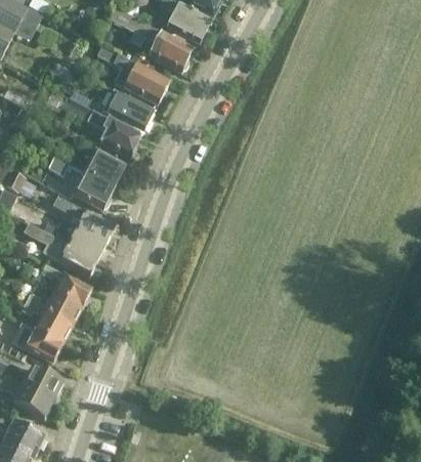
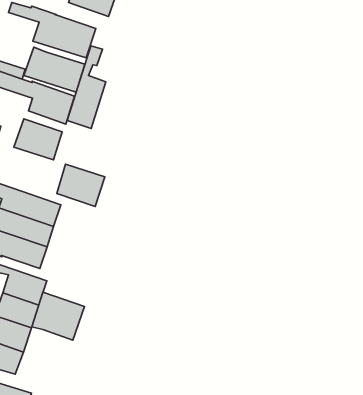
building: none -> [67,46,106,128]
building: [71,170,114,210] -> [57,164,105,206]
building: none -> [32,292,85,340]

